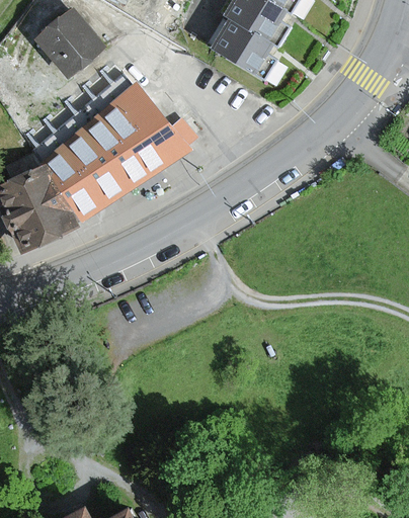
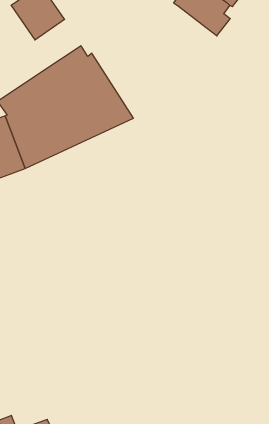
building: [212,18,277,79] -> none

